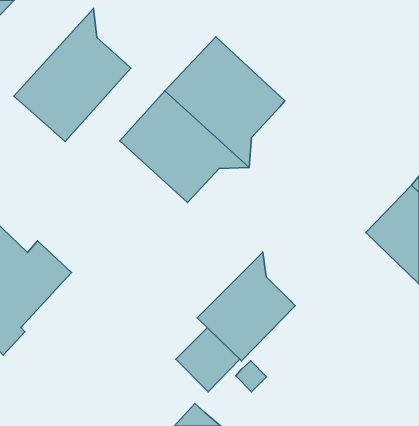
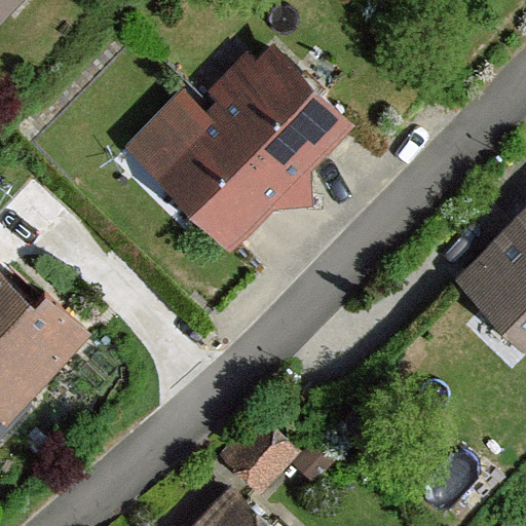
building: [14,8,131,142] -> none
building: [197,252,295,361] -> none

